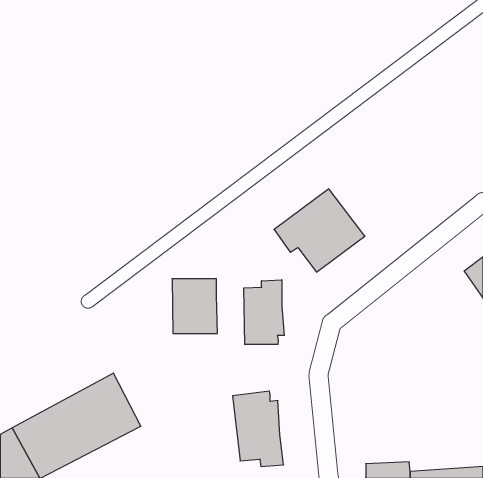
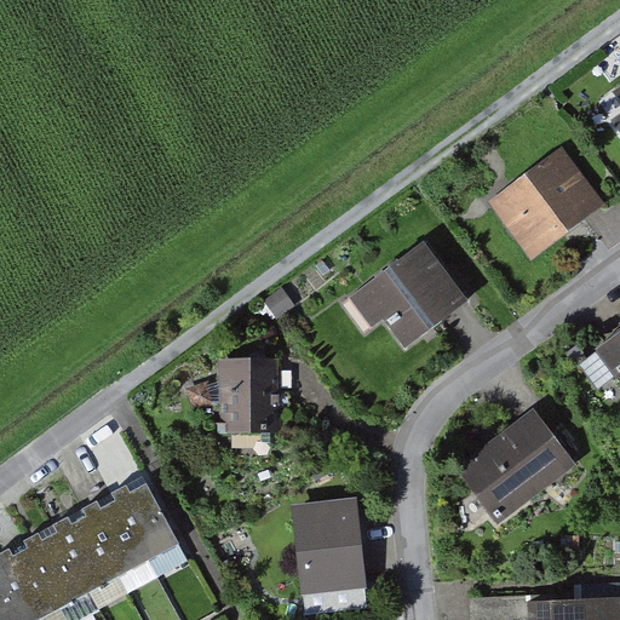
building: none -> [492,149,602,256]
building: [244,280,284,345] -> none
building: none -> [455,411,574,522]

